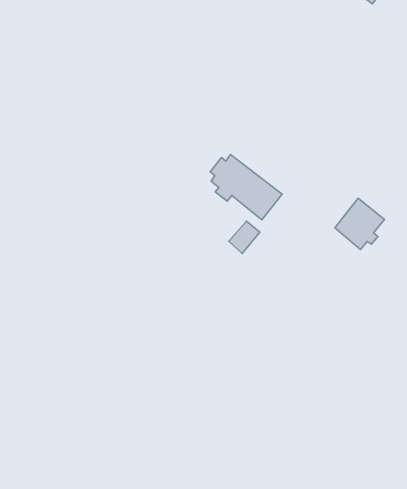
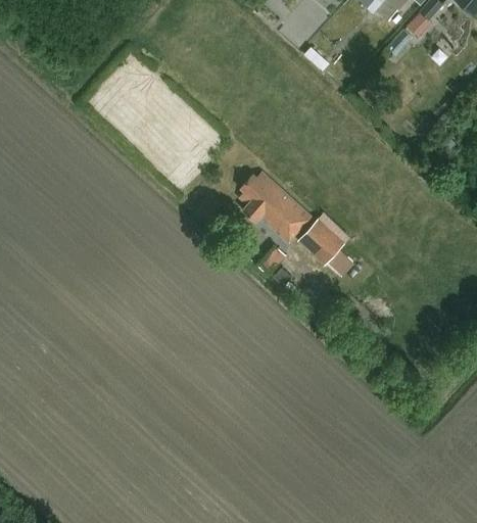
building: [335,198,385,249] -> [299,215,349,266]

